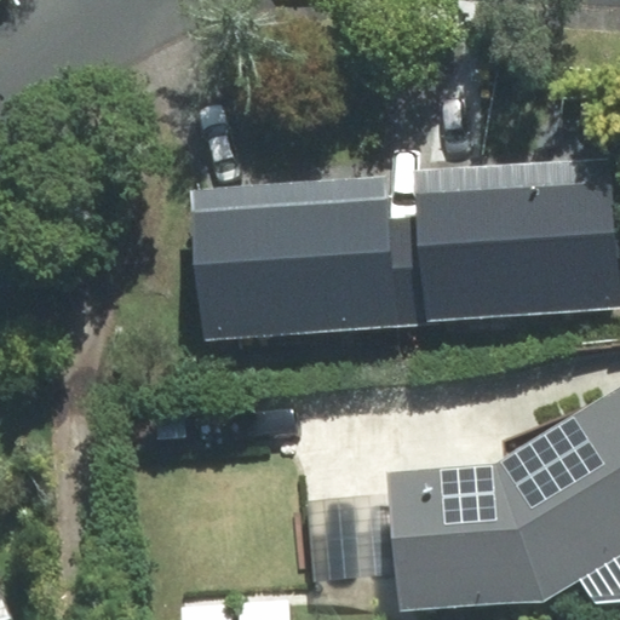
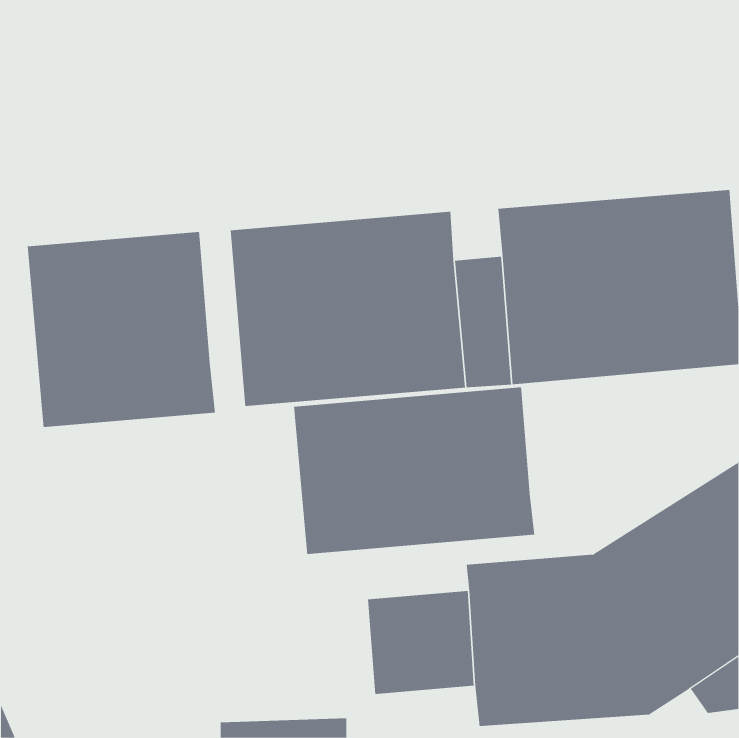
building: none -> [27,231,215,428]
building: none -> [294,387,535,555]

